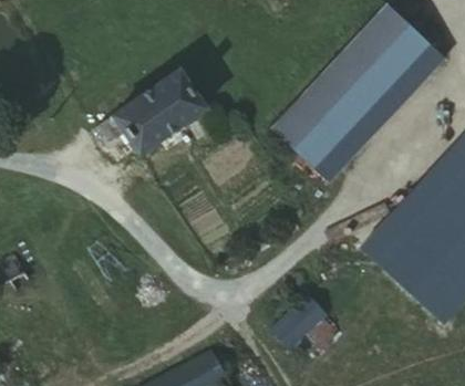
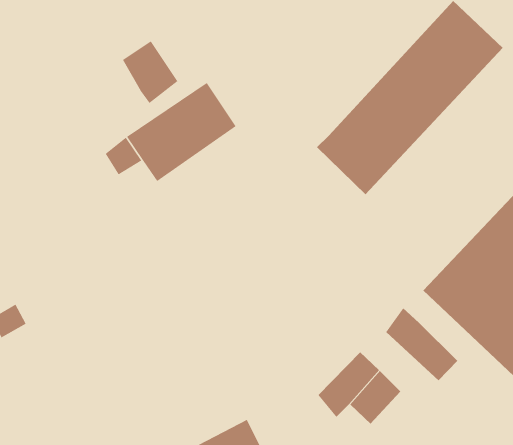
building: none -> [122,41,178,104]
building: none -> [385,308,458,381]

